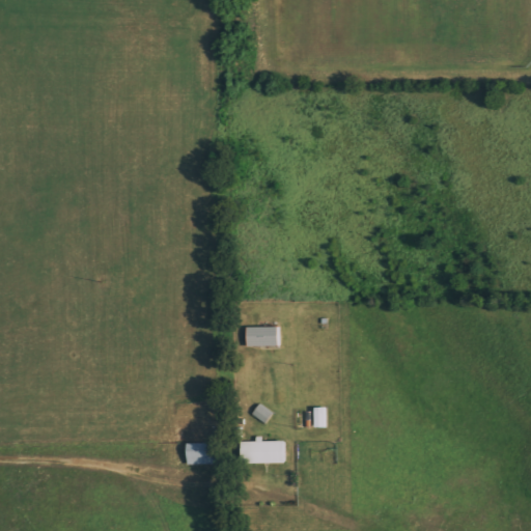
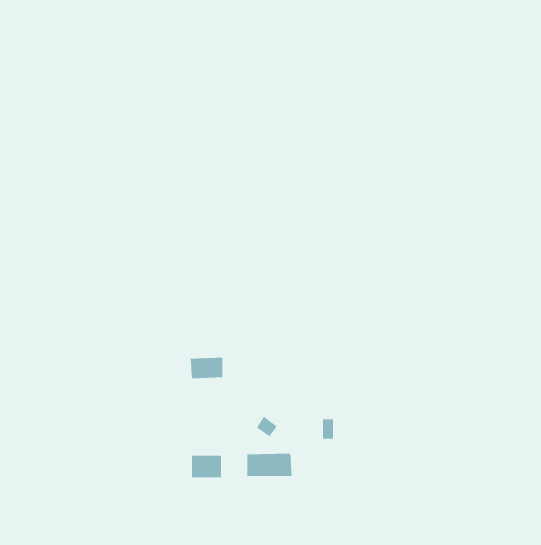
building: [245,327,277,347] -> [190,357,223,379]

